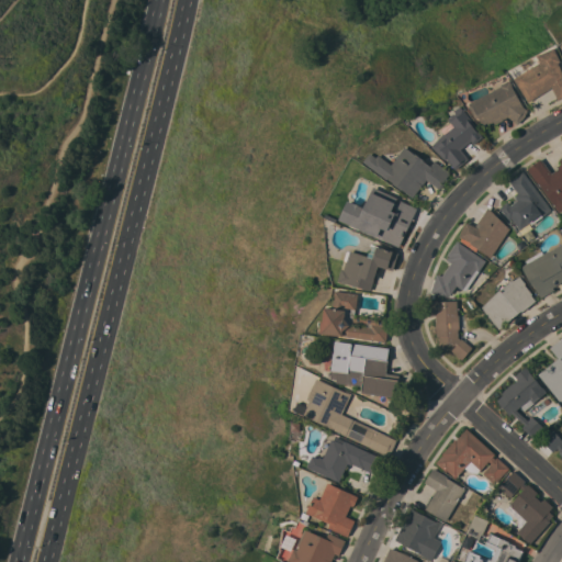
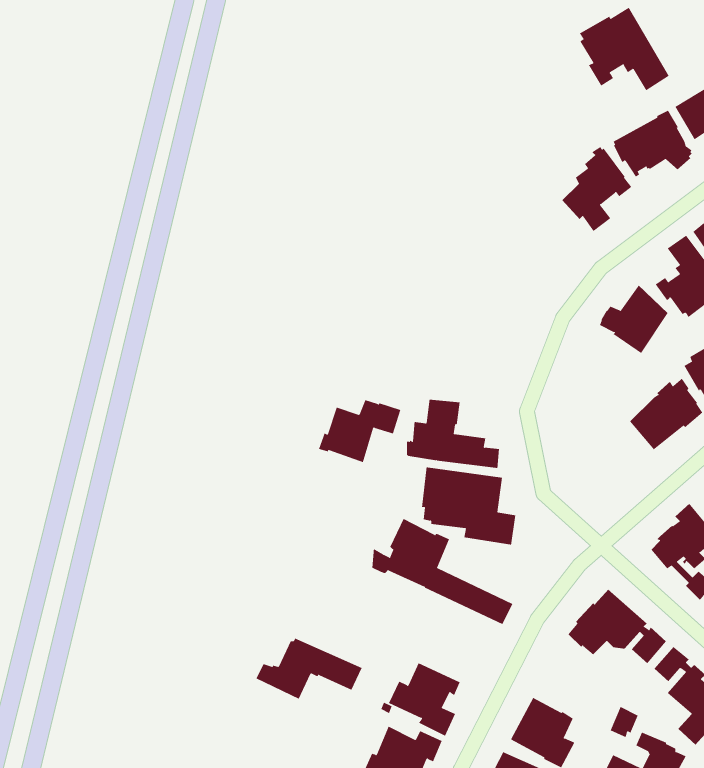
building: none -> [579,7,669,91]
building: [363,148,450,199] -> none
building: [345,192,416,248] -> none
building: [430,241,485,297] -> none
building: [337,246,397,292] -> [318,399,401,463]
building: [429,301,471,360] -> none
building: [306,438,384,483] -> [256,638,363,700]
building: [424,469,464,522] -> none

